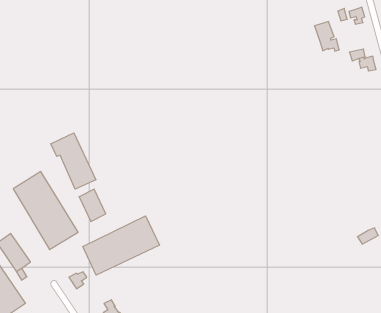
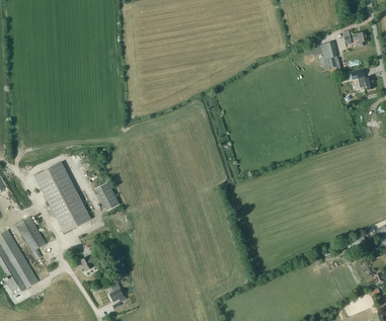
building: [51,133,96,189] -> none
building: [83,216,159,275] -> none

